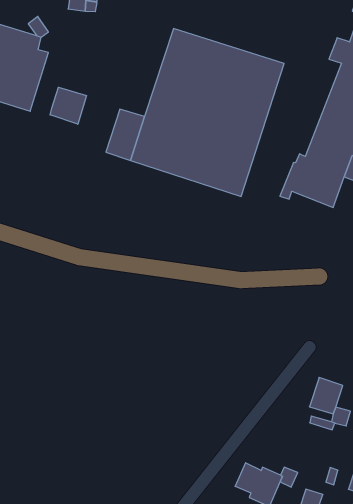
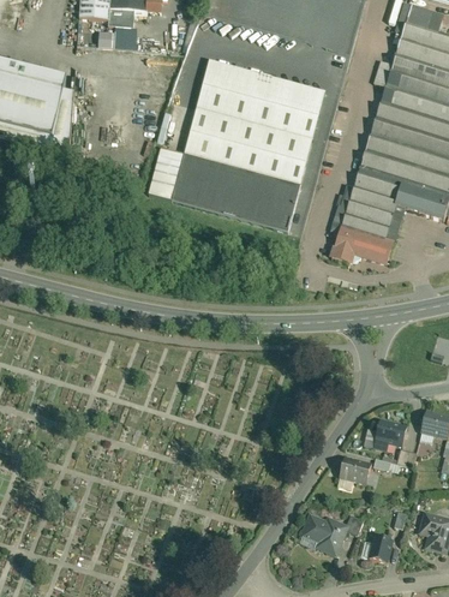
building: [50,87,87,124] -> none
building: none -> [333,222,396,263]
building: none -> [339,453,372,482]

